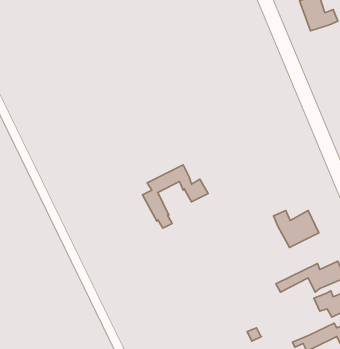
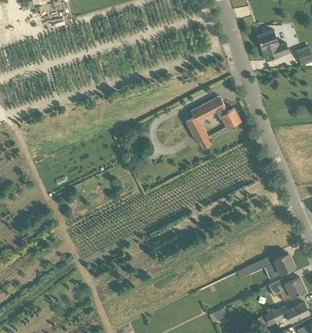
building: [142,165,208,228] -> [185,96,240,149]
building: [274,210,319,248] -> none

